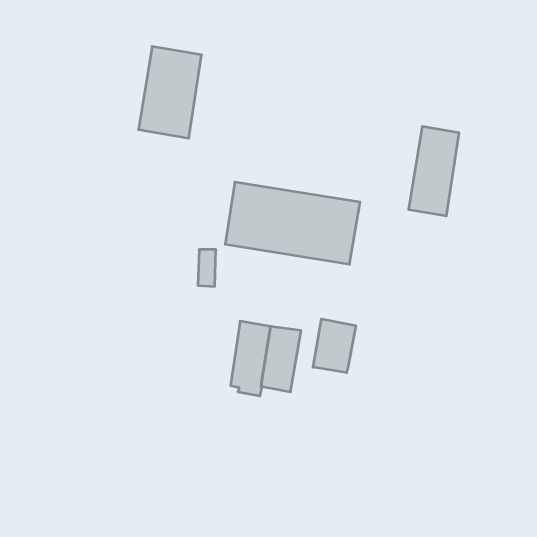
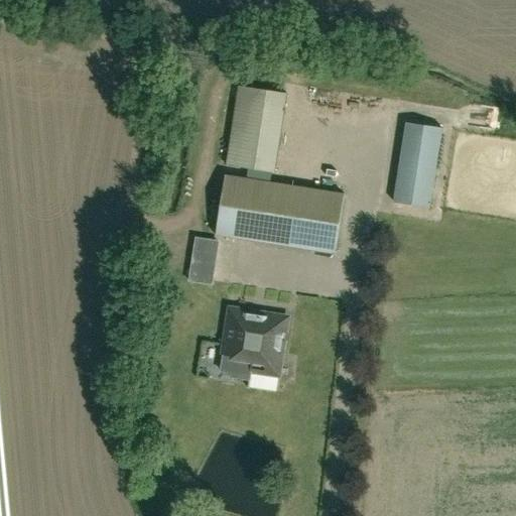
building: [138,46,202,138] -> [226,85,286,172]
building: [313,319,356,373] -> none

